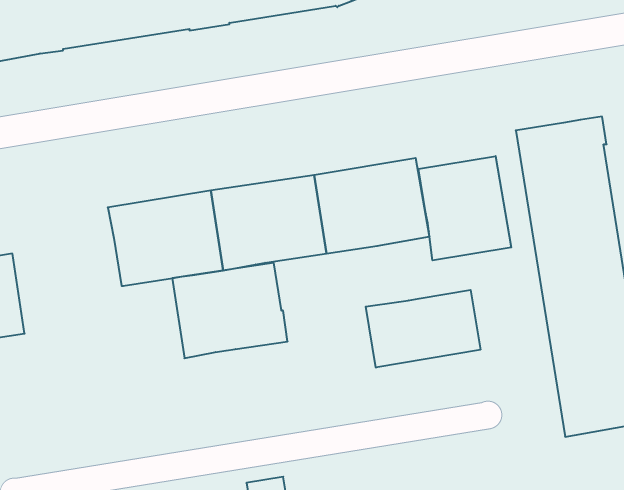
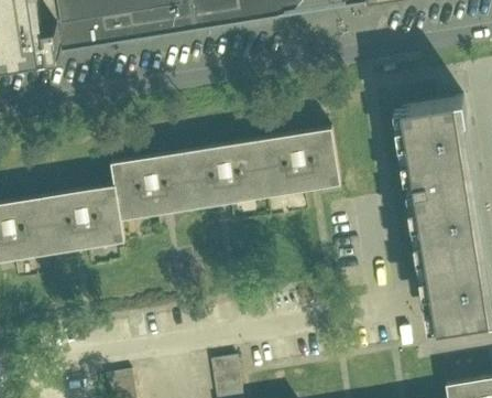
building: [418,156,511,260] -> none
building: [172,263,288,358] -> [41,186,123,255]
building: [366,290,480,368] -> none

